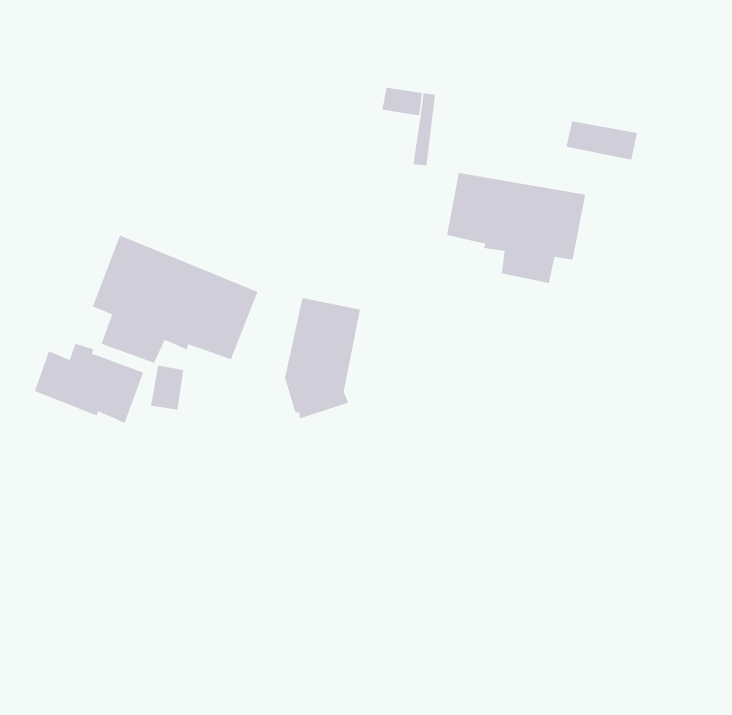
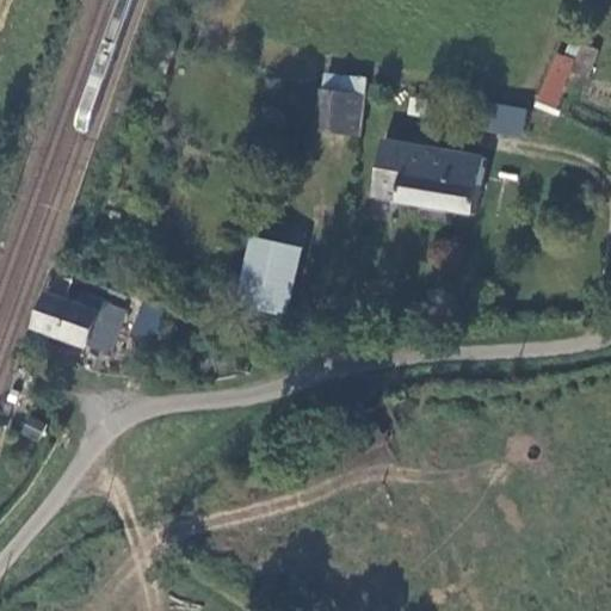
building: none -> [535,41,597,112]
building: [92,235,258,364] -> none

